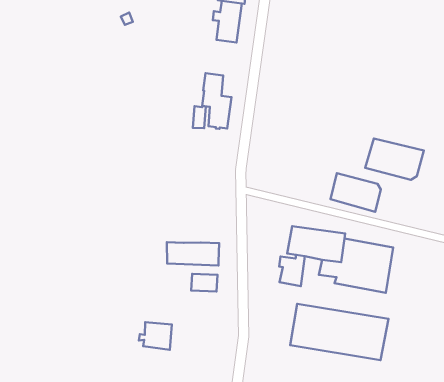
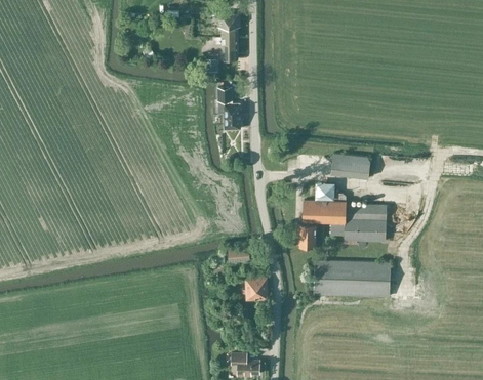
building: [365,138,424,180] -> none
building: [167,242,219,265] -> none
building: [139,322,172,350] -> [241,278,267,298]

